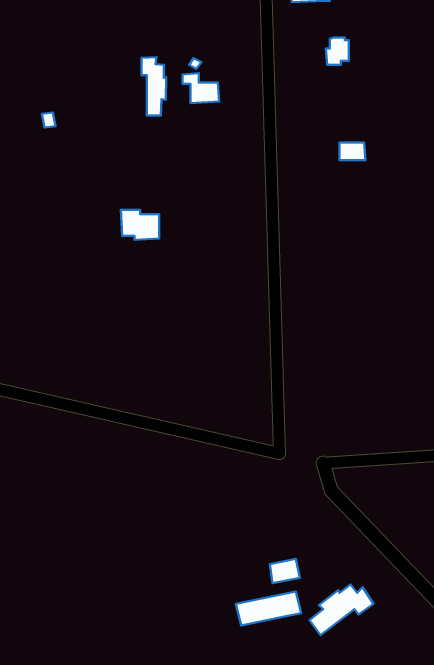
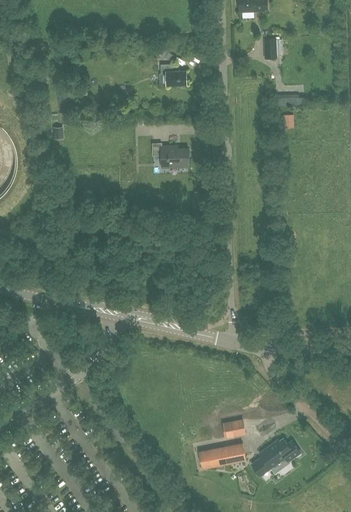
building: [141,57,166,115] -> none
building: [121,210,159,240] -> [160,146,188,168]

